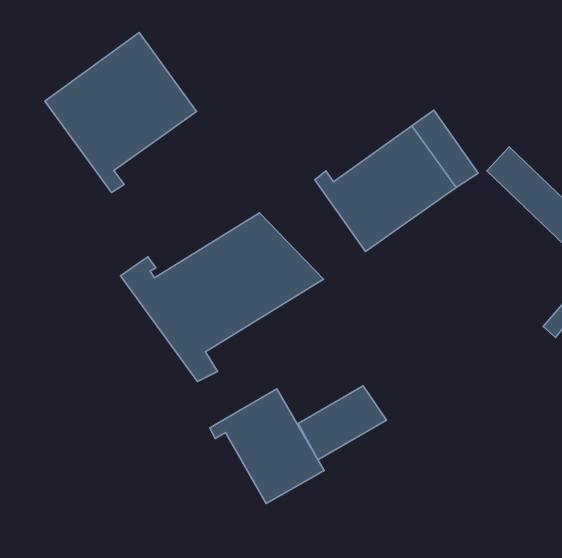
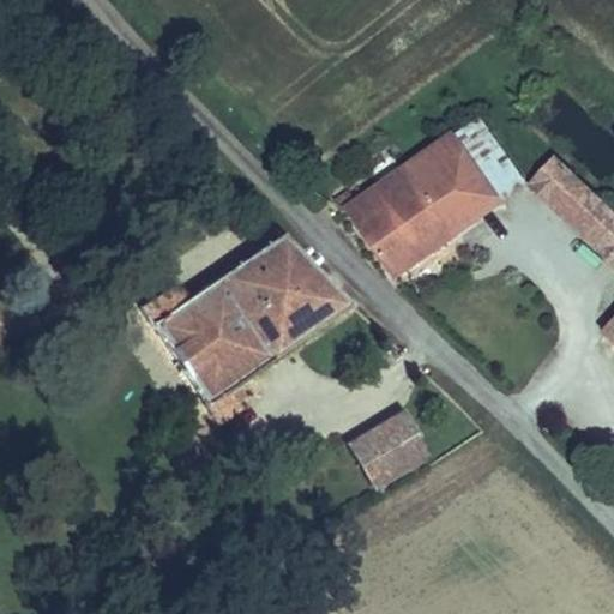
building: [45,33,197,192] -> none
building: [210,389,324,504] -> none

